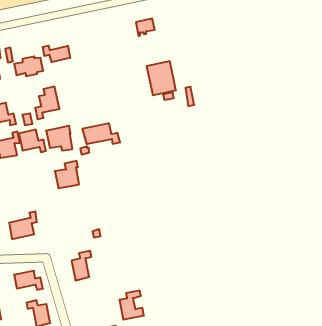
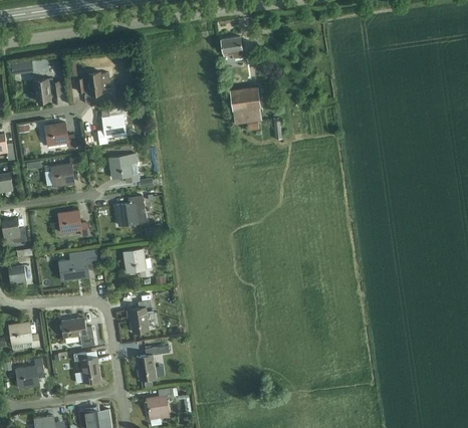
building: [43,46,70,62] -> none
building: [83,123,120,144] -> none
building: [19,130,46,152] -> [57,210,87,236]
building: none -> [123,249,153,276]
building: [119,291,144,320] -> [136,348,163,380]

